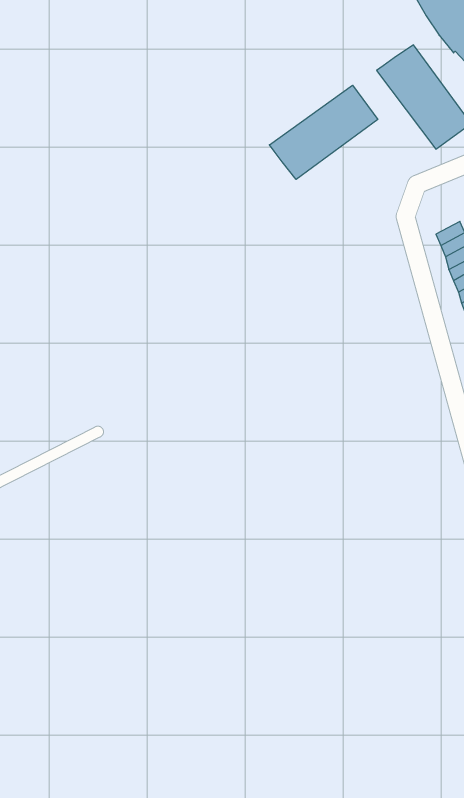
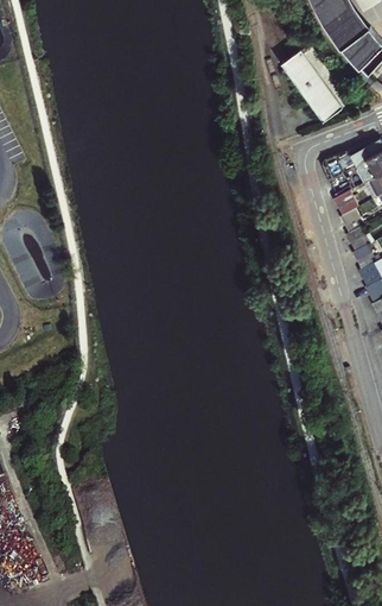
building: [269,85,378,179] -> none

